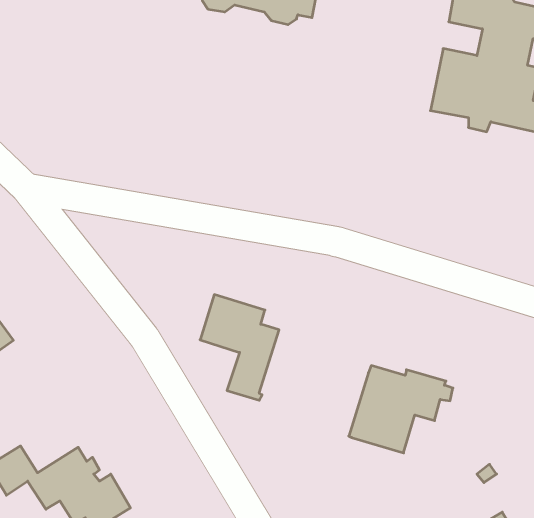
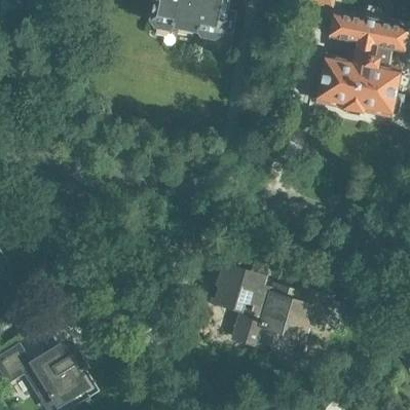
building: [200,295,279,400] -> [215,267,272,344]

